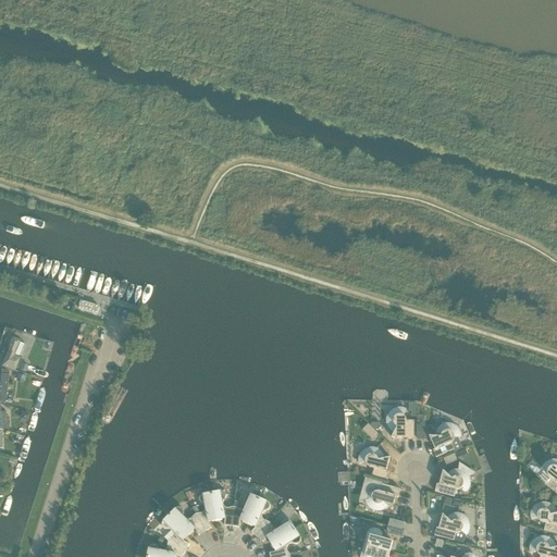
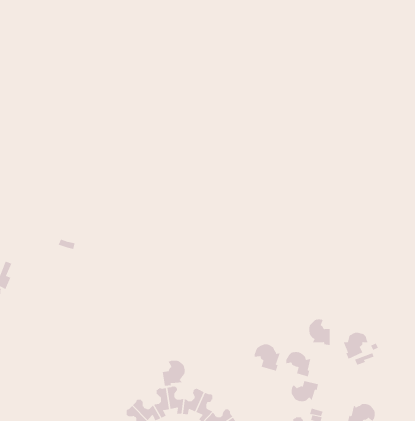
building: none -> [254,344,281,372]
building: none -> [162,360,185,387]
building: [434,462,475,495] -> none

